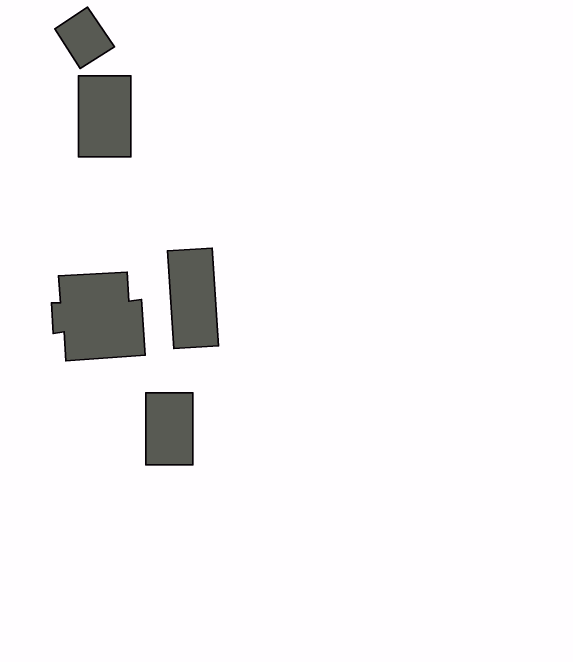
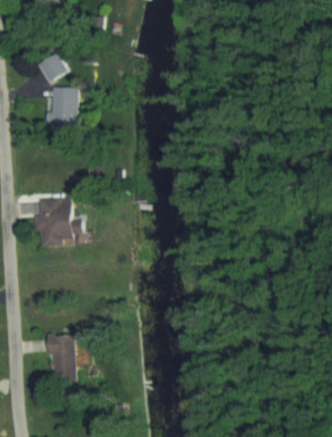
building: [167,248,218,349] -> none
building: [146,393,193,465] -> [49,335,75,375]

